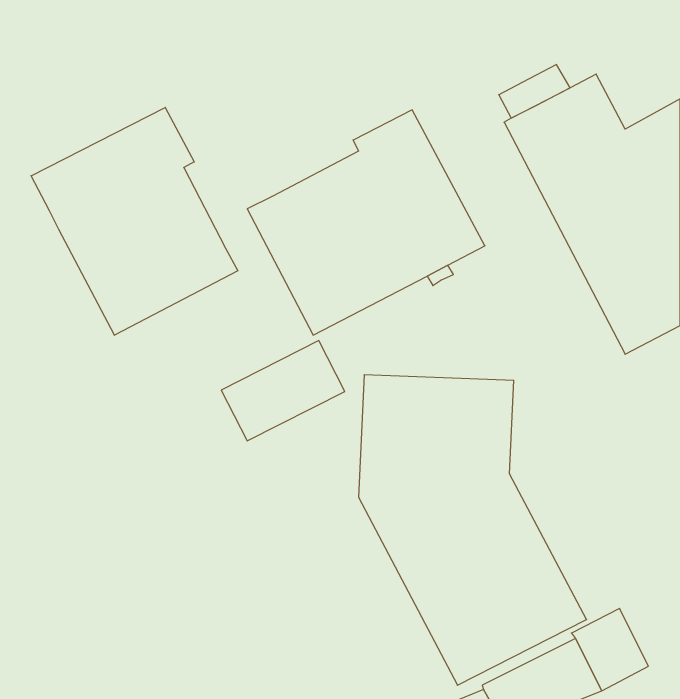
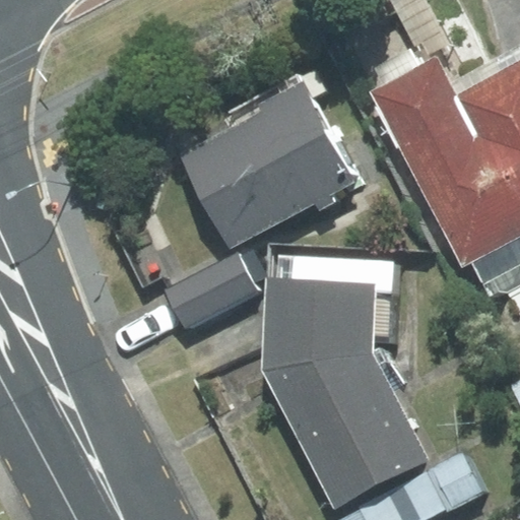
building: [31,107,238,335] -> none

